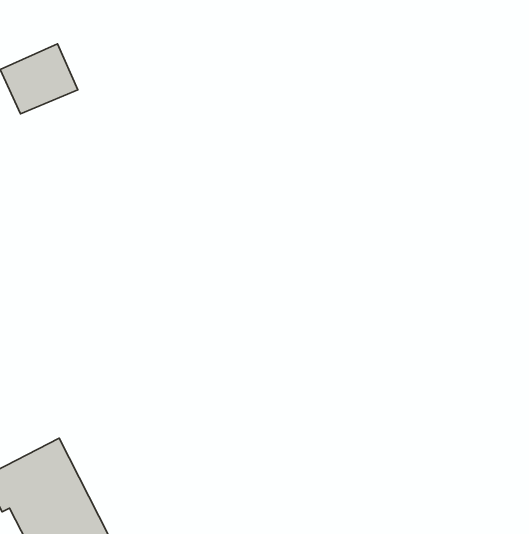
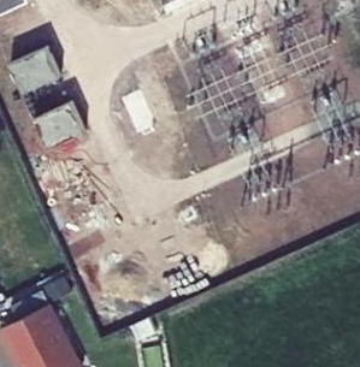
building: none -> [33,101,83,147]

